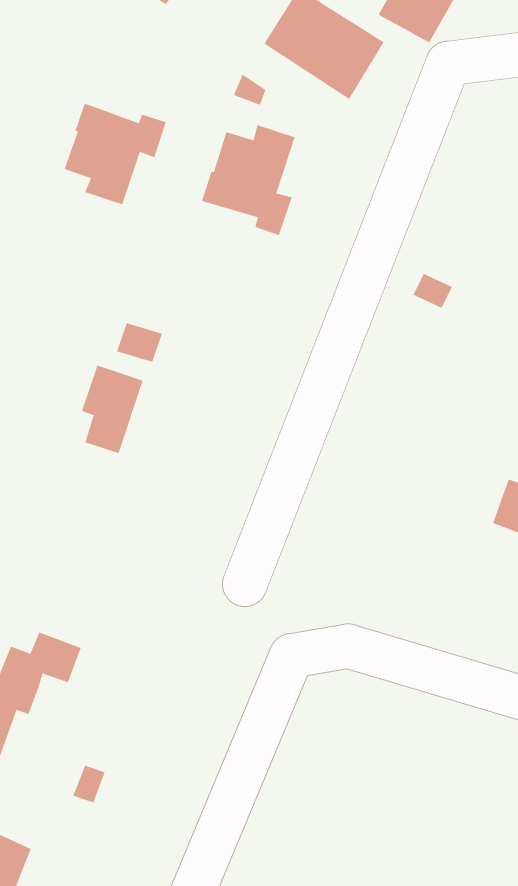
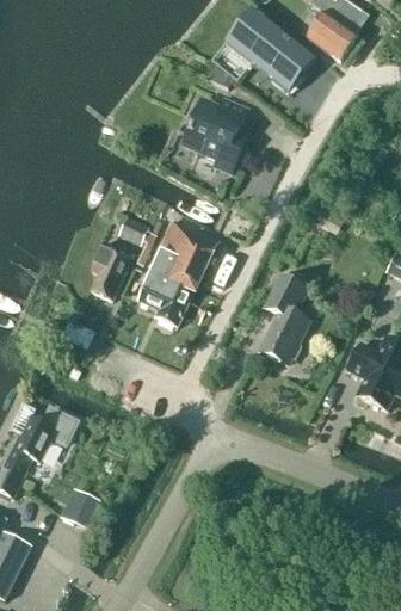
building: [64,103,167,205] -> none
building: none -> [138,218,218,325]
building: none -> [260,274,309,359]

